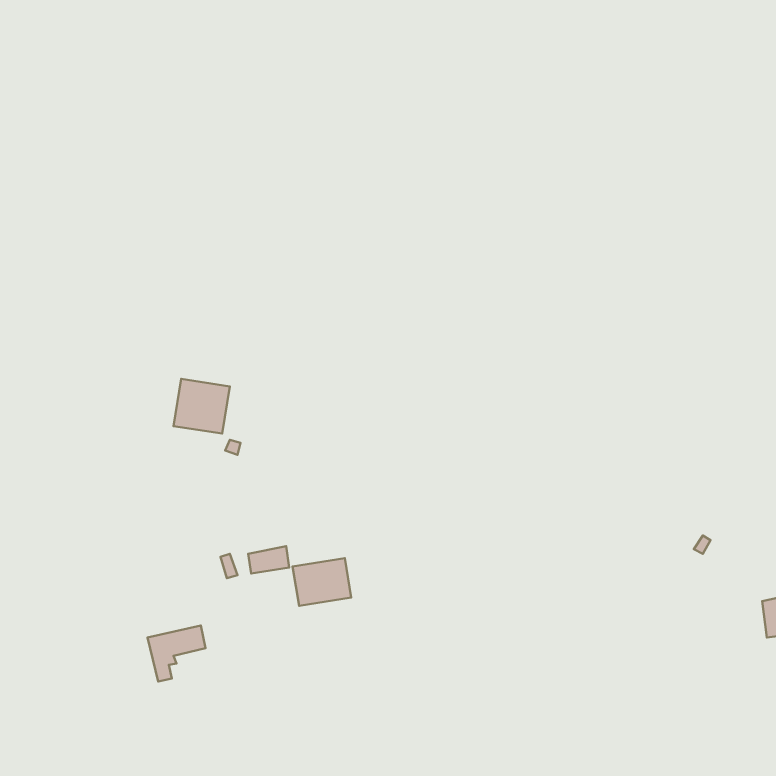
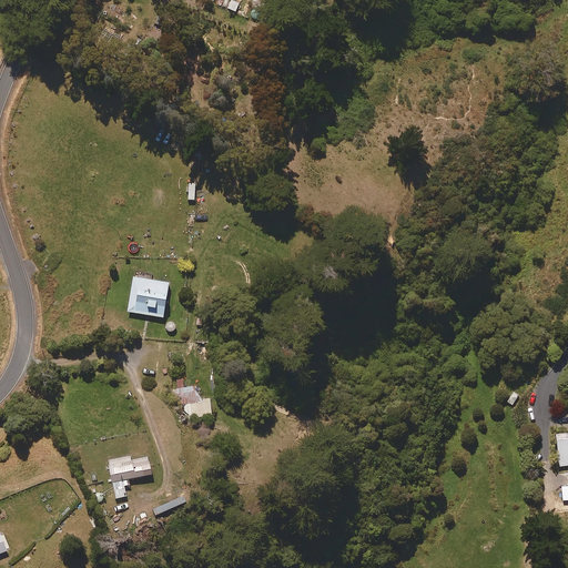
building: [293,558,351,606] -> none

